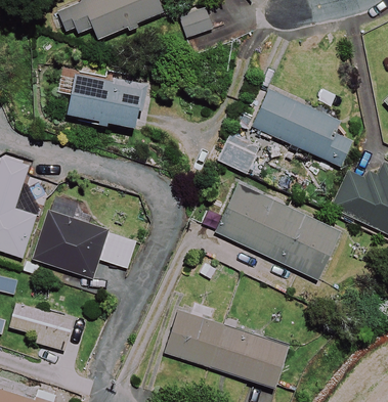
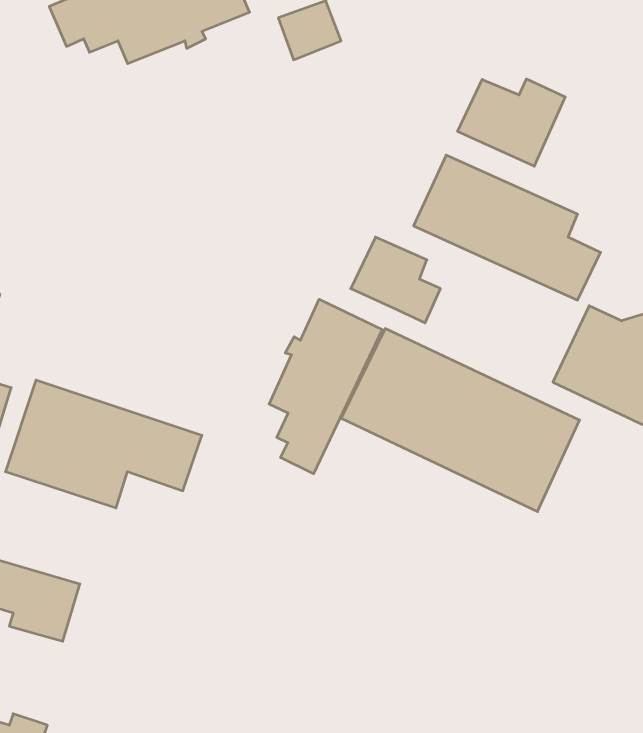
building: none -> [458,79,565,166]
building: [57,71,147,129] -> none
building: none -> [269,299,382,474]
building: [166,310,288,388] -> none

